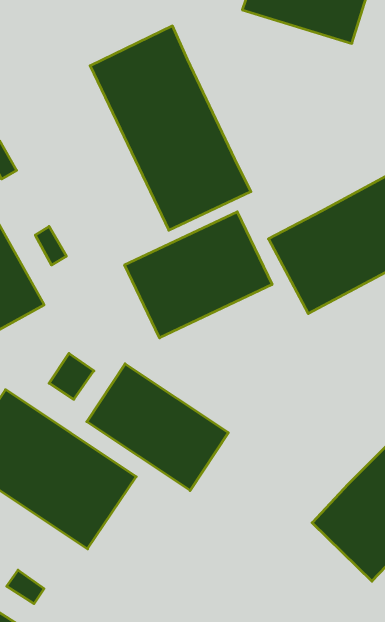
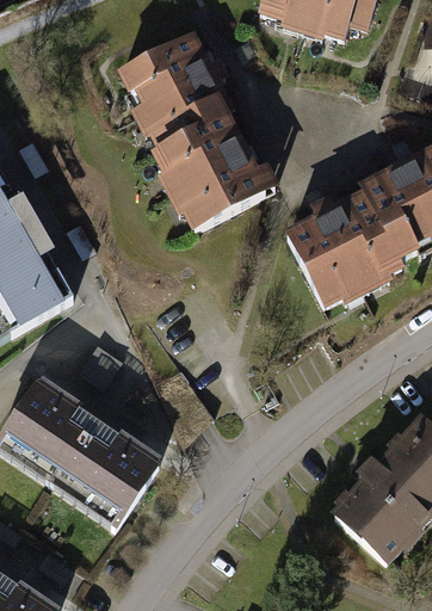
building: [125,212,272,338] -> none
building: [87,364,228,491] -> none

